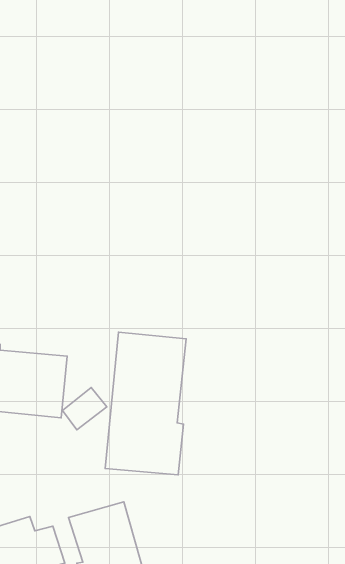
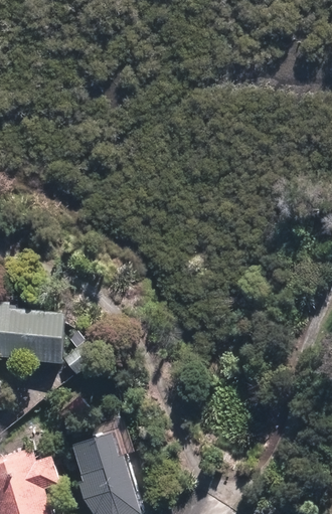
building: [105,332,186,475] -> none

